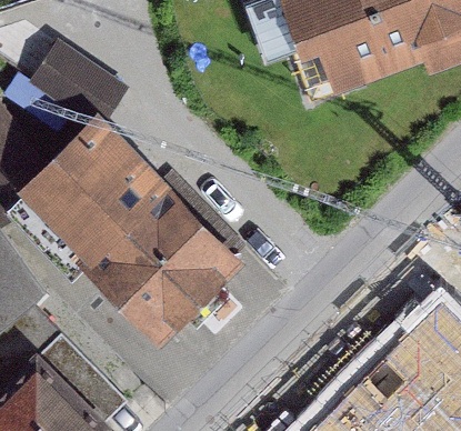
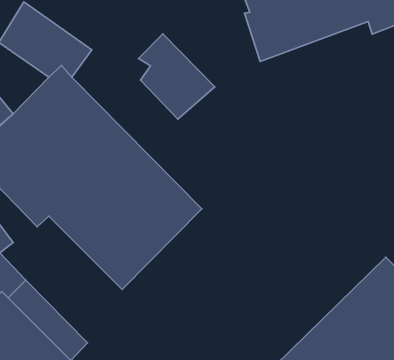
building: none -> [138,34,215,119]

